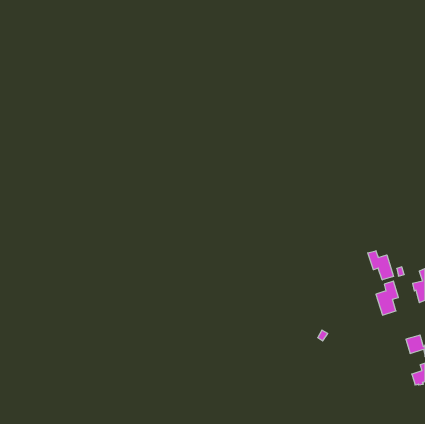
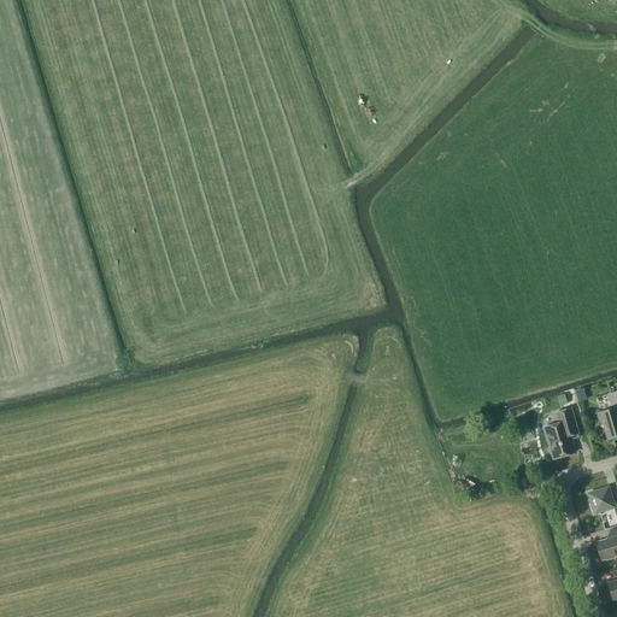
building: [368,251,393,280] -> none

